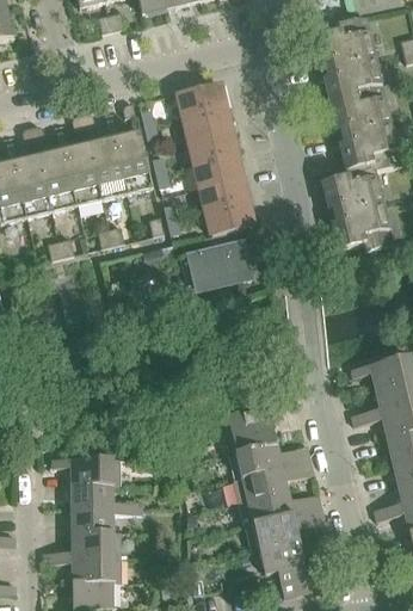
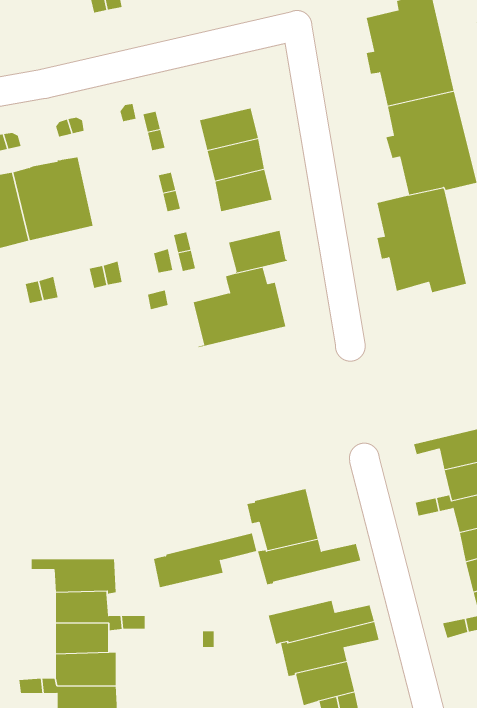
building: [178,82,224,116] -> none
building: [90,131,153,198] -> none
building: [201,178,247,211] -> none
building: [233,459,314,502] -> [153,533,257,588]

